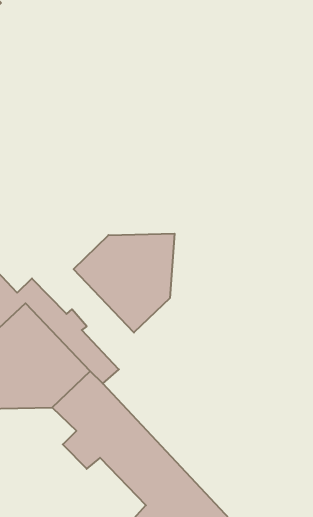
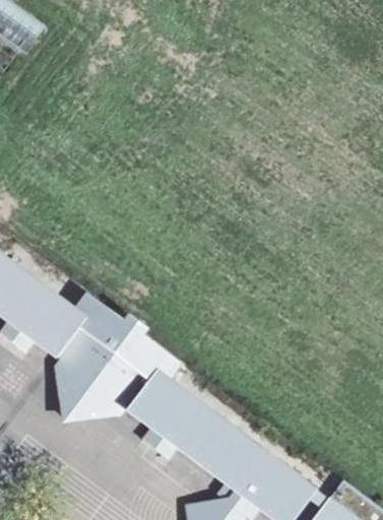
building: [74,234,175,333] -> none

